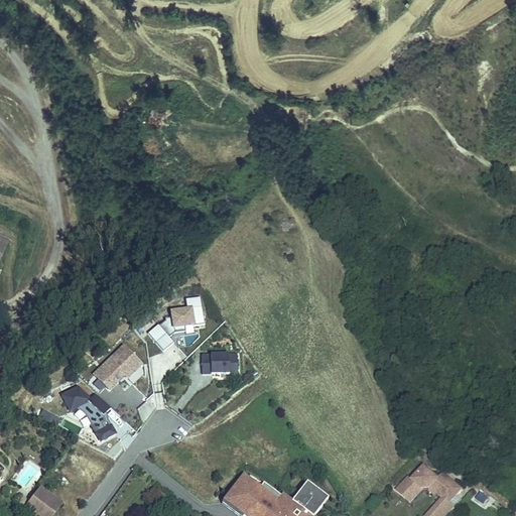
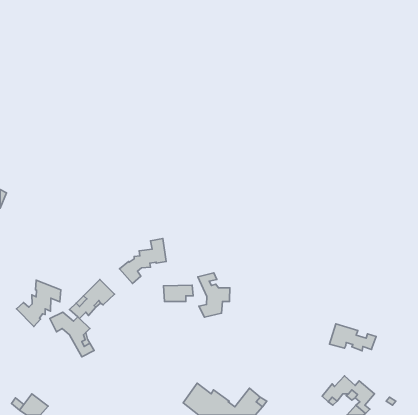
building: none -> [198,273,230,317]
building: none -> [16,280,61,326]
building: none -> [330,324,376,351]

